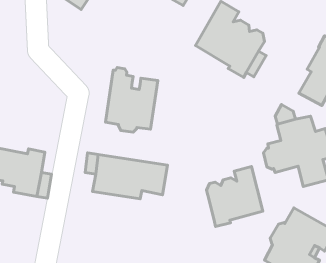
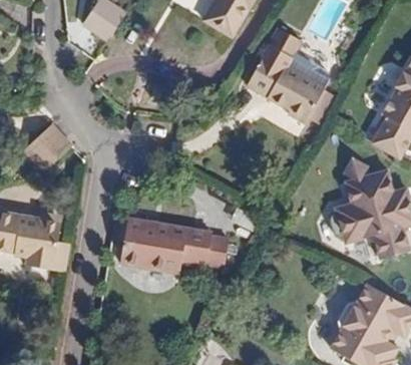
building: [105,68,158,132] -> none
building: none -> [22,123,71,172]
building: [206,166,263,227] -> none

